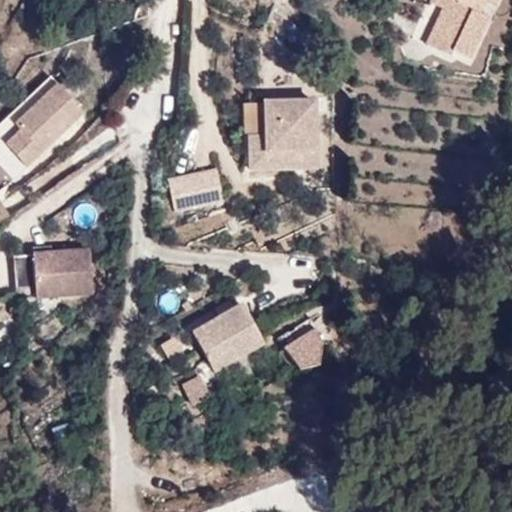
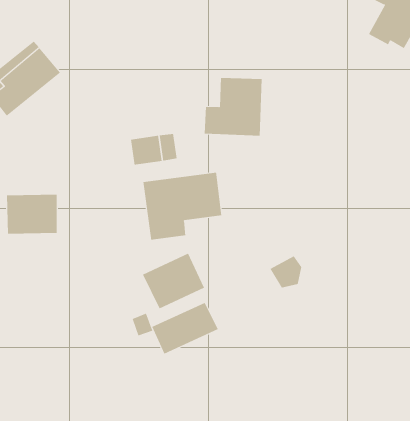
building: [242,103,266,168] -> none
building: none -> [143,172,222,241]
building: [284,330,321,368] -> [269,256,302,288]
building: none -> [152,302,218,355]

